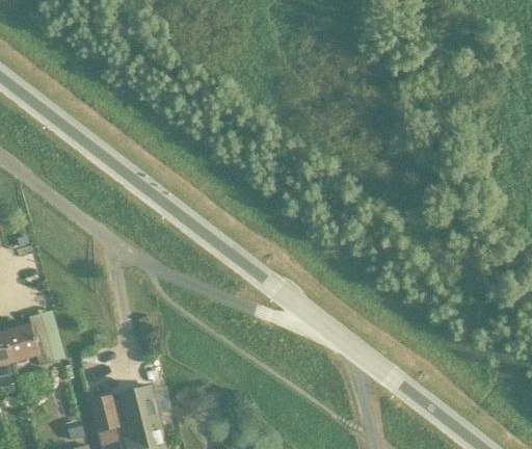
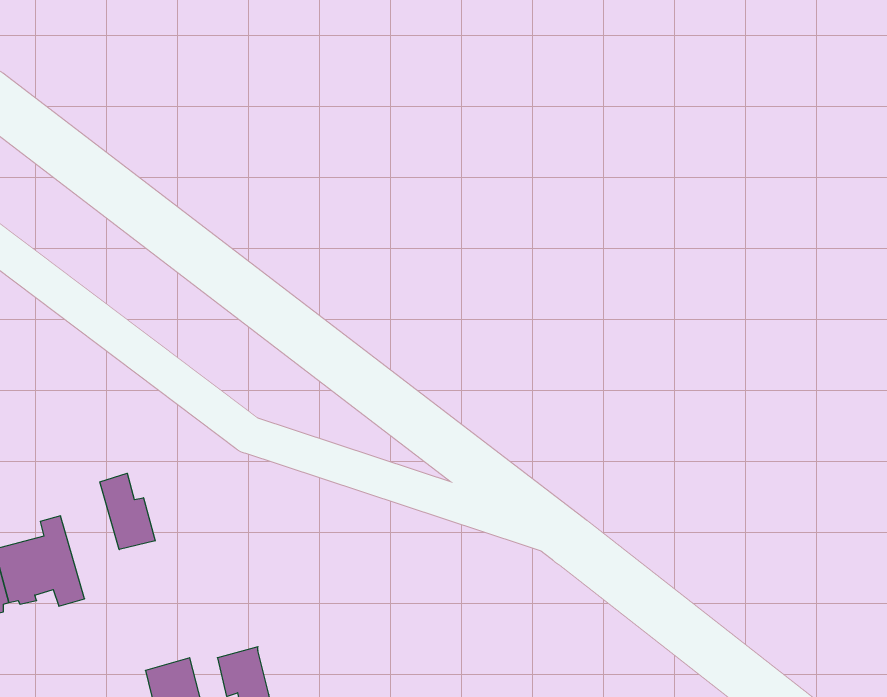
building: none -> [100,473,155,550]

